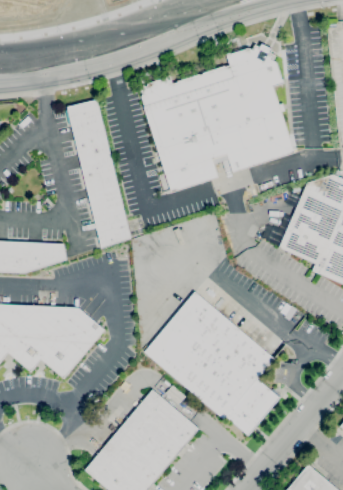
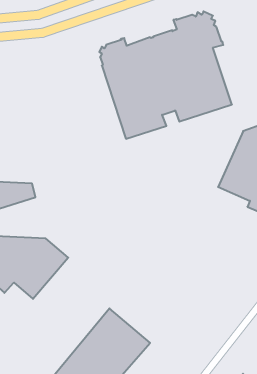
building: [67,100,131,248] -> none
building: [144,292,281,435] -> none

